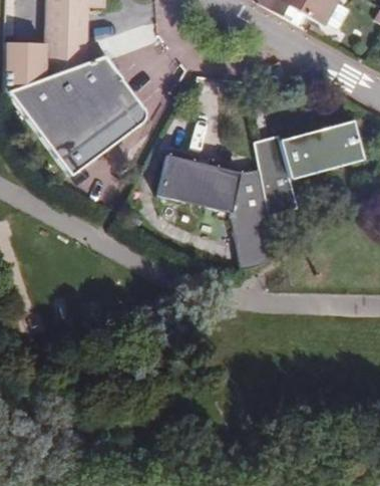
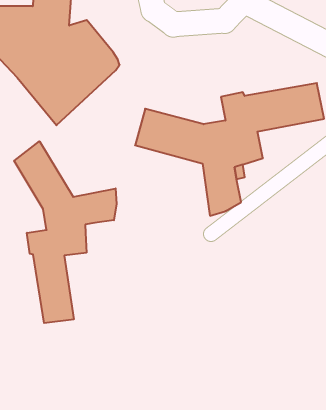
building: none -> [14,141,117,323]

